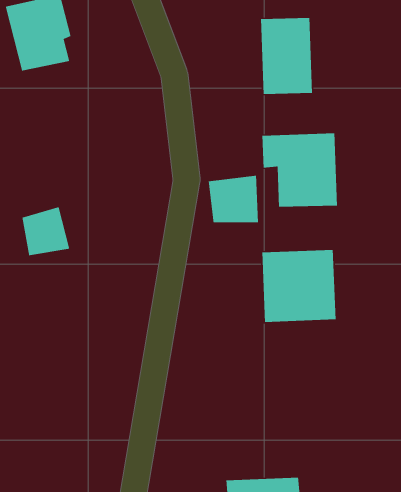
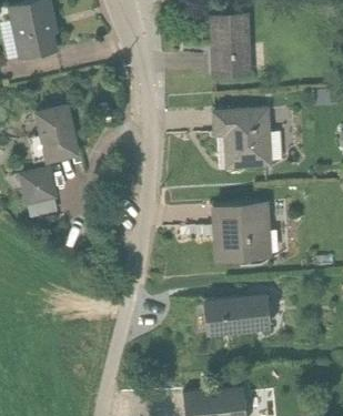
building: none -> [34,105,81,164]
building: [208,175,259,223] -> none
building: none -> [203,294,271,335]

